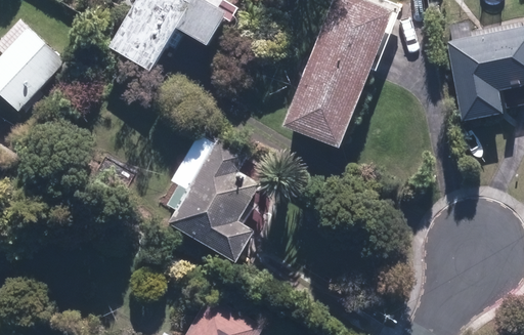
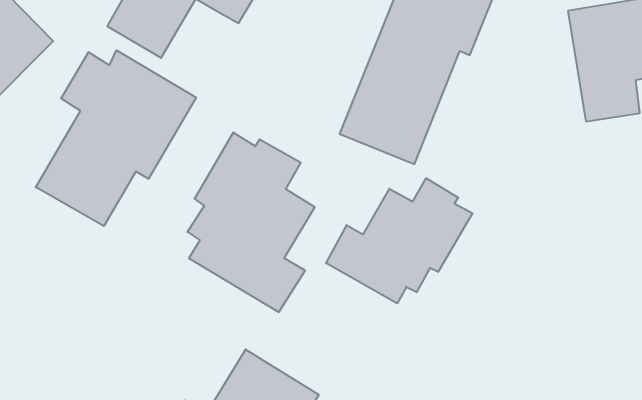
building: none -> [36,50,196,226]
building: none -> [326,178,472,303]

